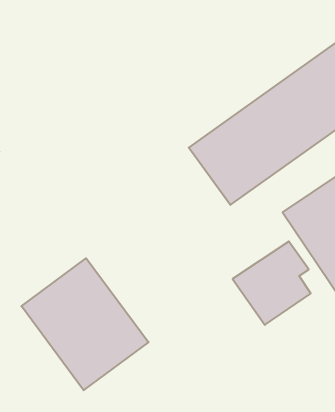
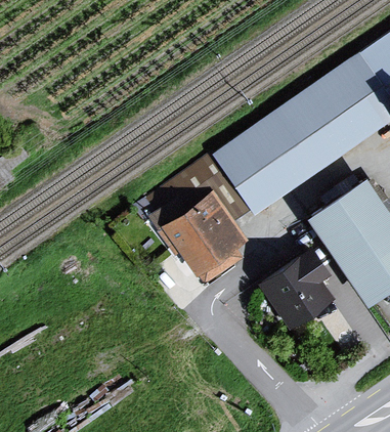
building: none -> [149,179,255,289]
building: [21,258,149,390] -> none

